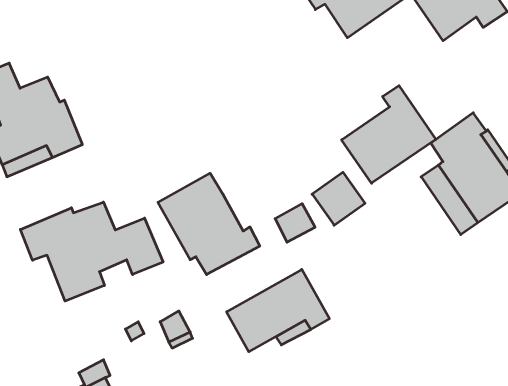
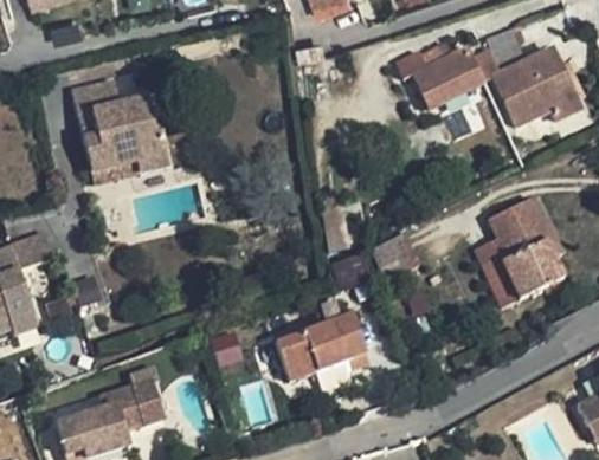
building: [342,86,436,183] -> none
building: [158,173,260,275] -> none
building: [20,202,163,301] -> none

